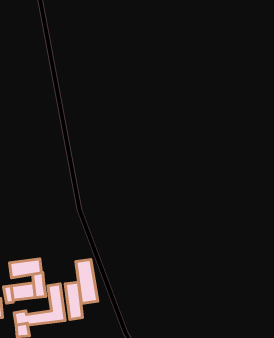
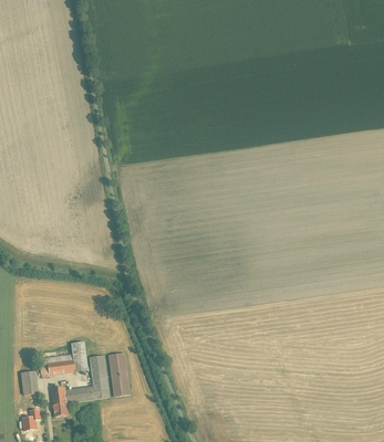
building: [10,259,41,278] -> none
building: [76,260,98,303] -> none

